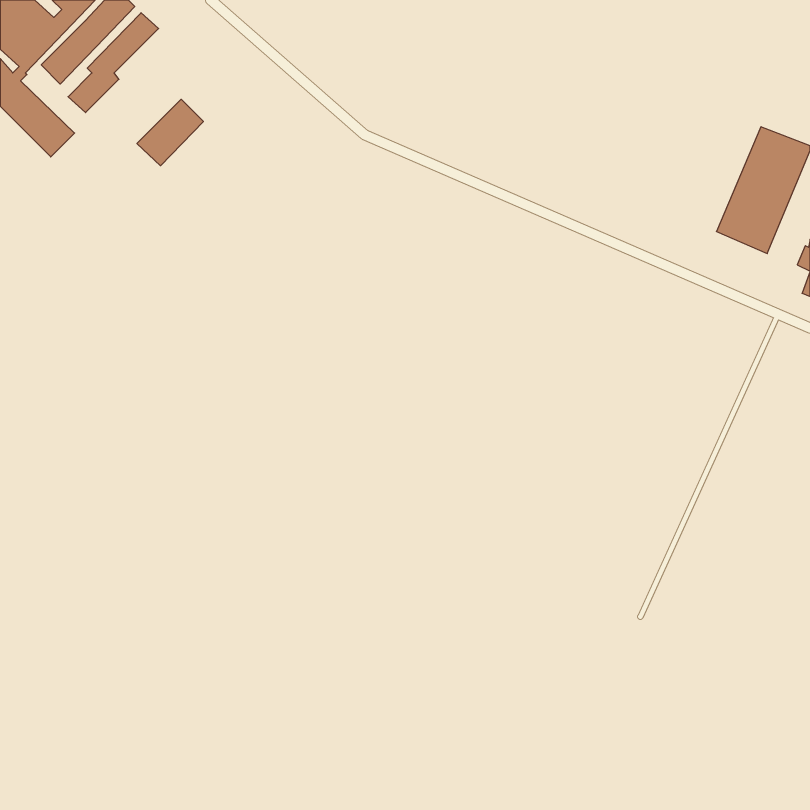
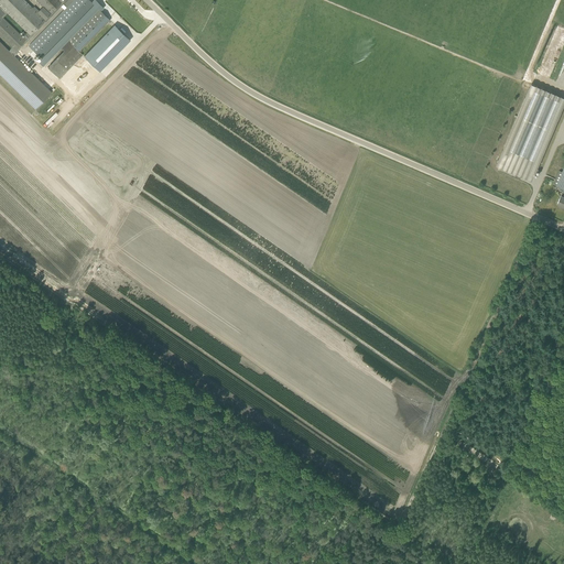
building: [137,99,203,166] -> [84,24,130,70]

